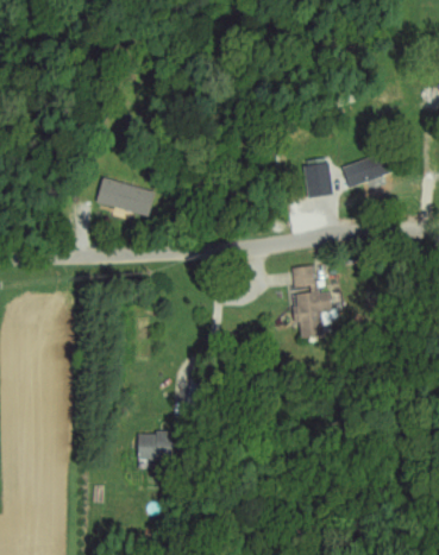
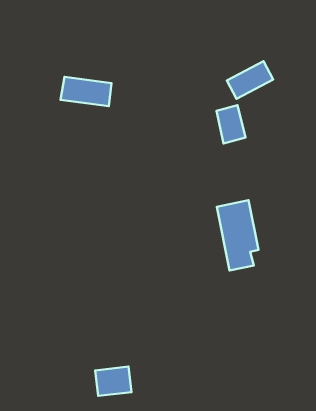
building: [341,151,393,189] -> [227,61,273,99]
building: [95,178,153,216] -> [61,77,112,106]

